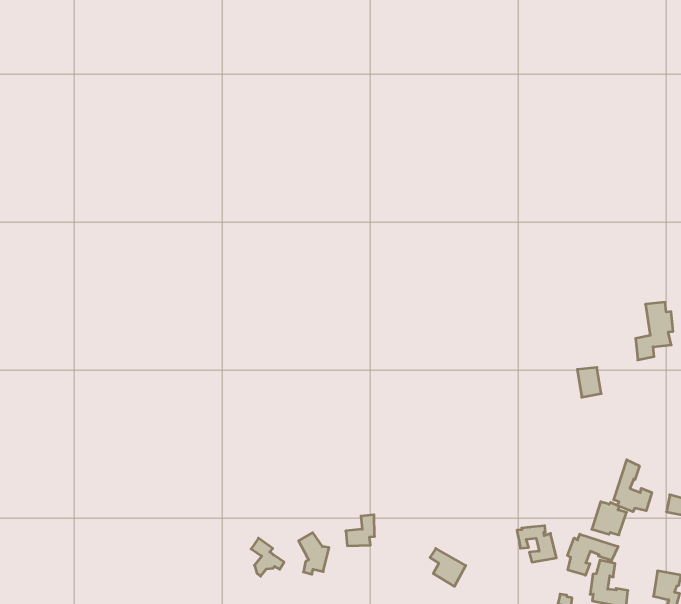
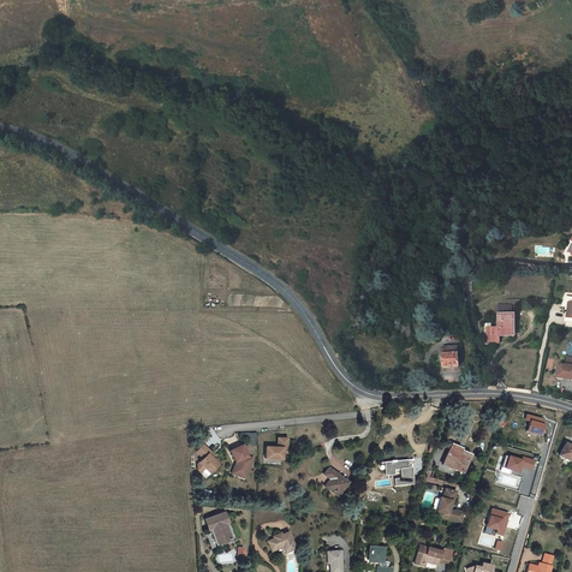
building: [614,460,652,512] -> none
building: [567,534,618,575] -> none

